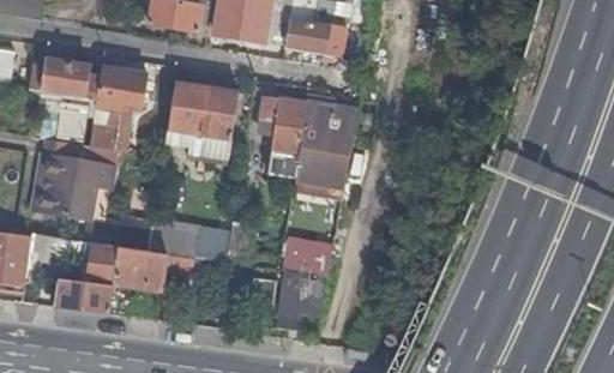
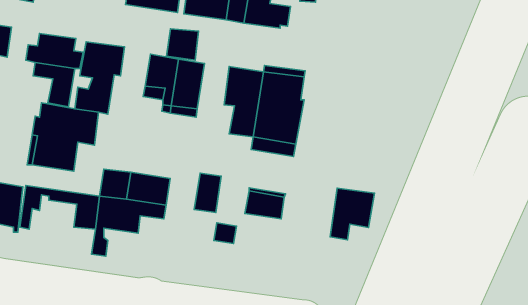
building: none -> [167,29,199,60]
building: [273,270,325,330] -> [330,188,375,240]
building: [53,277,112,313] -> none

